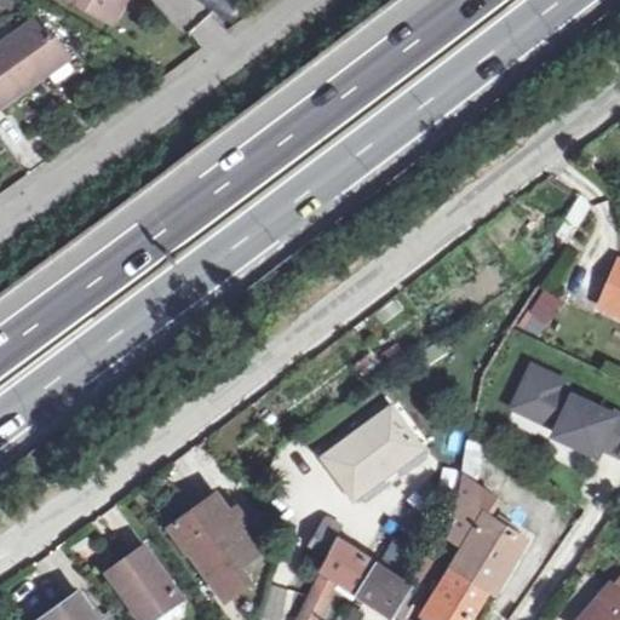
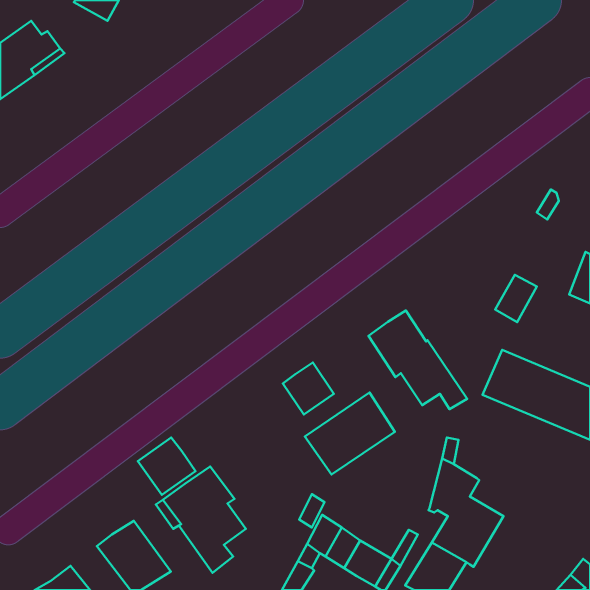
building: none -> [369,310,467,409]
building: none -> [283,363,334,415]
building: none -> [138,438,195,495]

